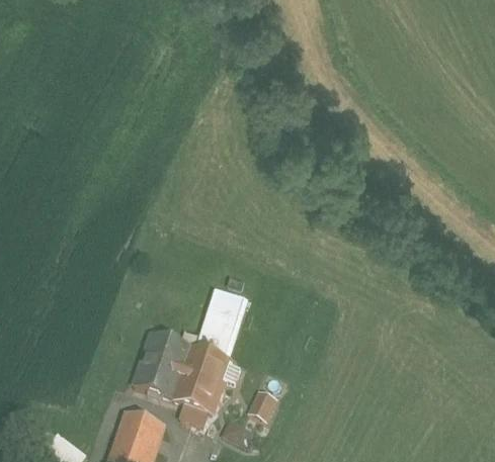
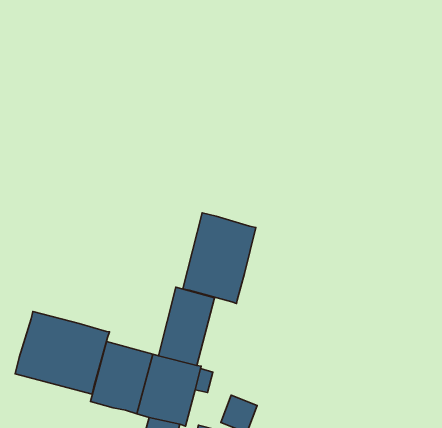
building: none -> [183,213,256,303]
building: none -> [15,311,110,394]

